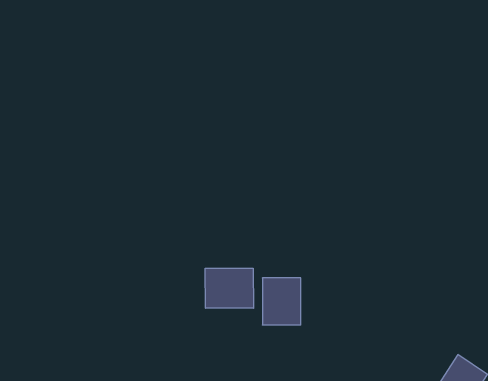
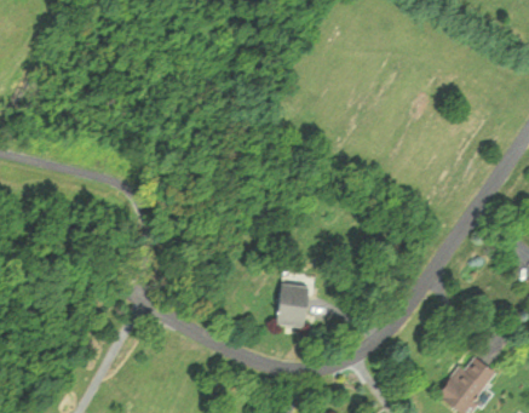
building: [205,268,254,308] -> none

